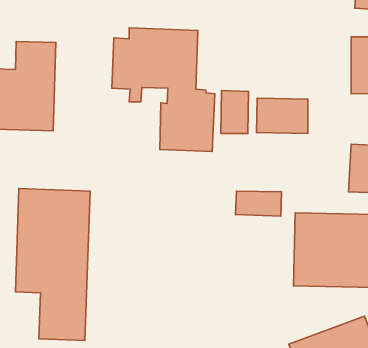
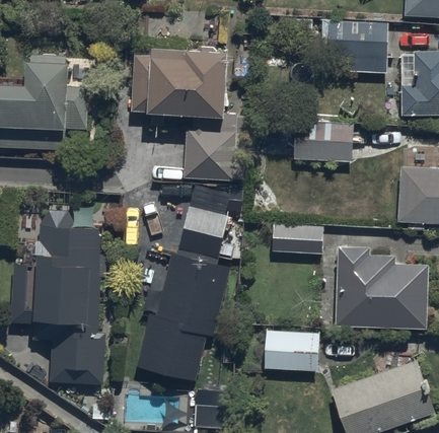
building: none -> [321,17,387,71]
building: [221,91,248,134] -> none
building: none -> [139,207,233,385]
building: none -> [264,324,318,368]

